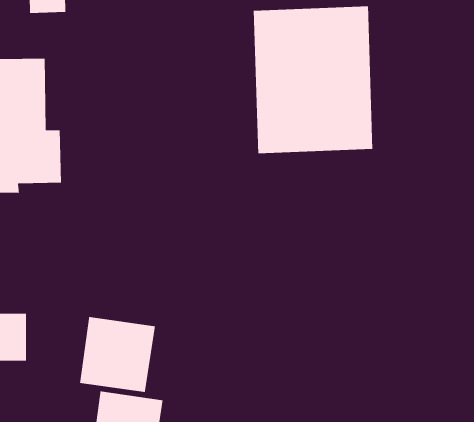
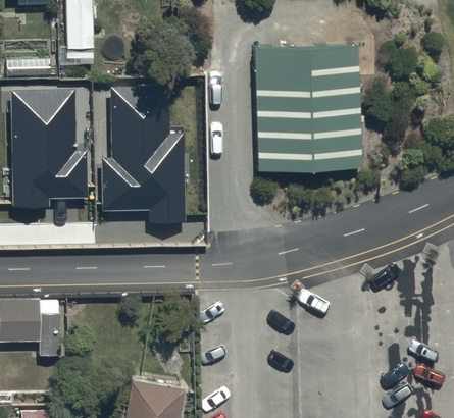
building: none -> [102,85,186,224]
building: [79,316,156,393] -> none

